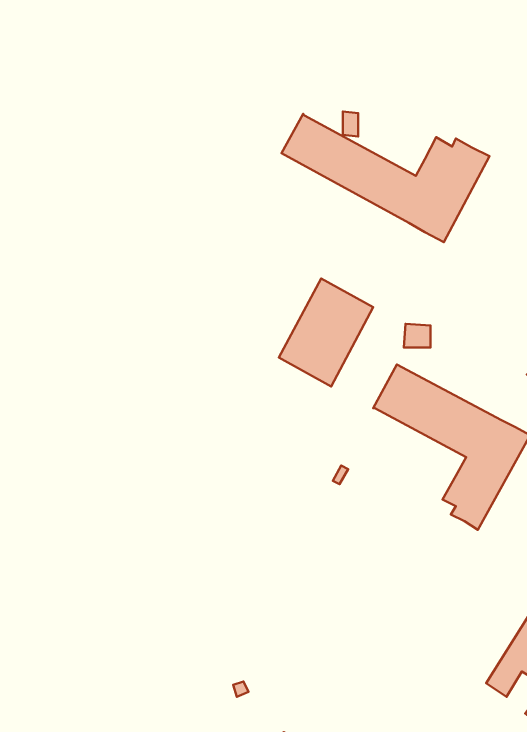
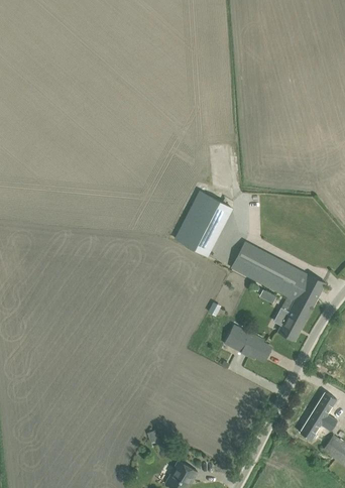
building: [282,114,489,242] -> none
building: none -> [223,325,263,359]

